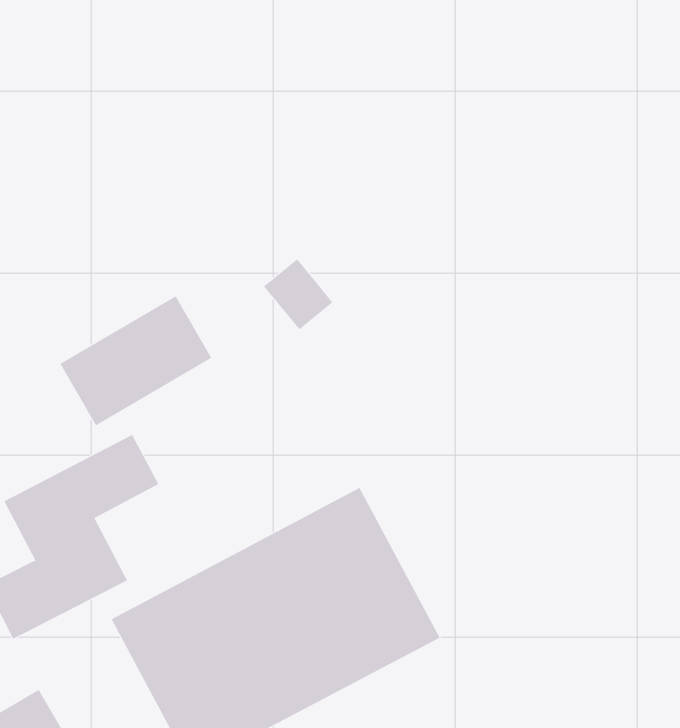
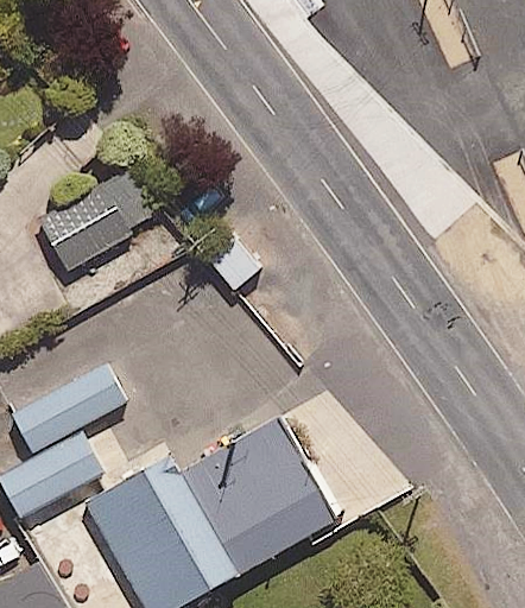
building: [60,295,212,426] -> [40,169,157,268]

